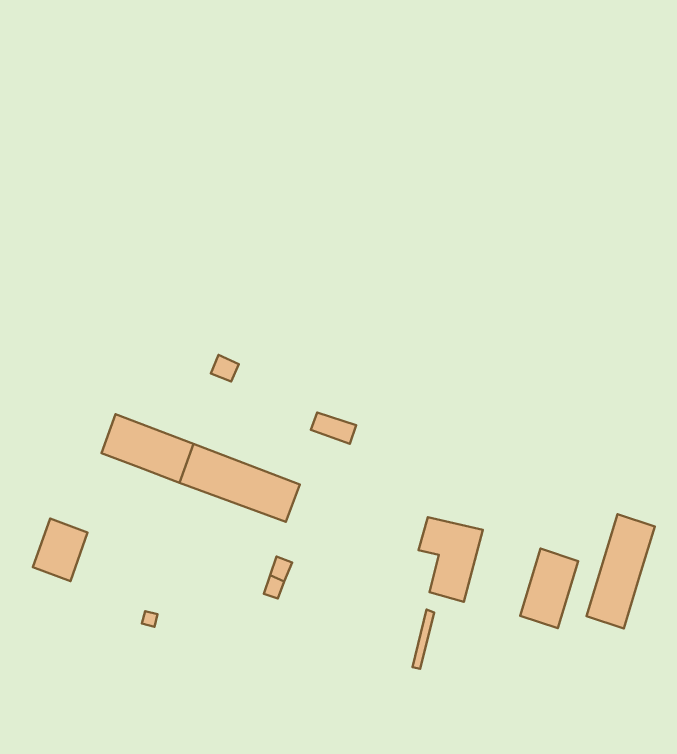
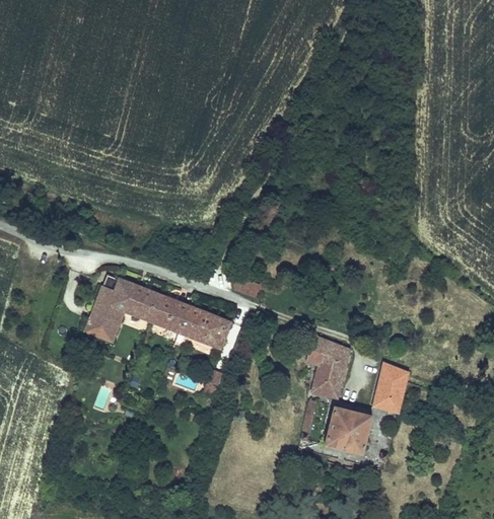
building: [587,514,655,628] -> none
building: [33,519,88,581] -> [88,301,124,342]
building: none -> [324,406,372,456]

